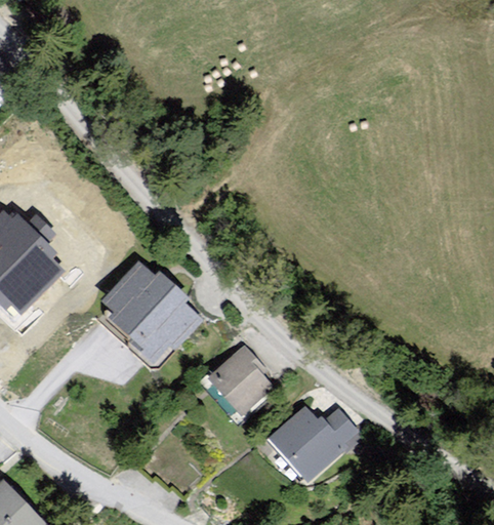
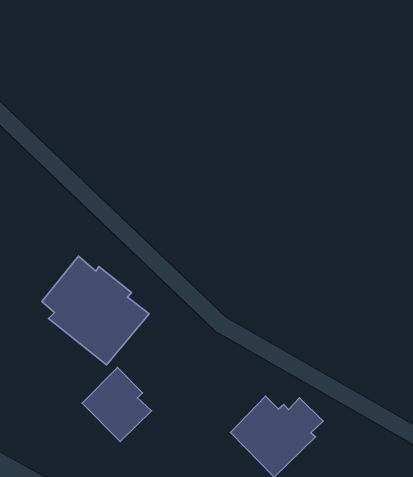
building: [209,345,274,414] -> [82,368,151,441]

